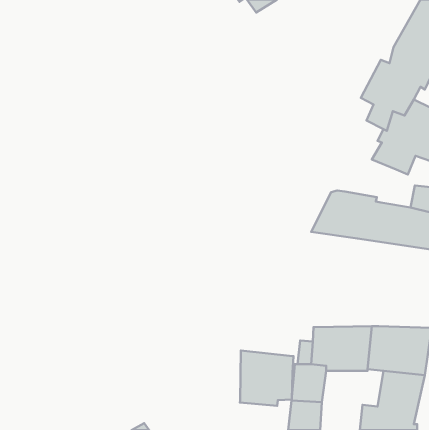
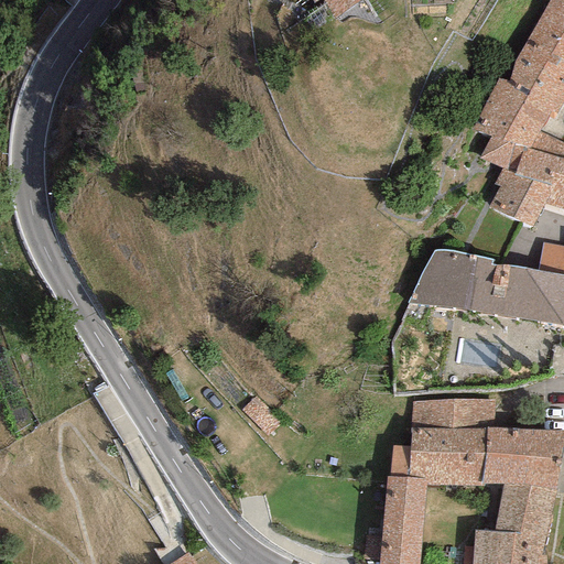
building: none -> [413,399,497,427]
building: [240,350,293,406] -> none

